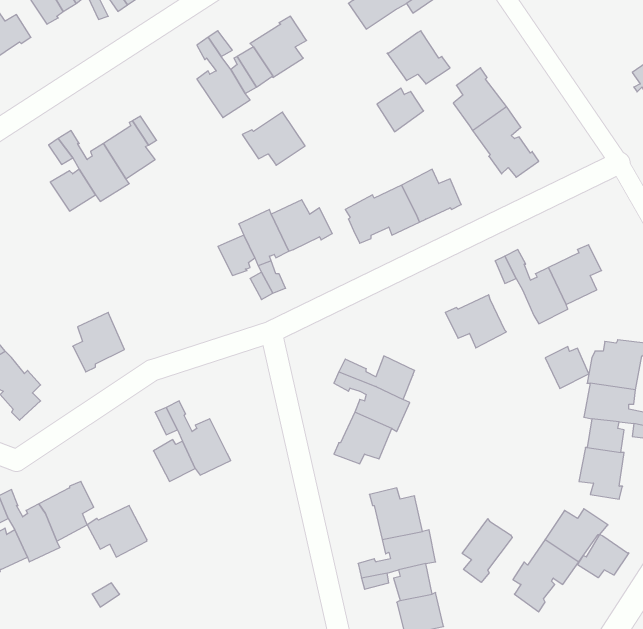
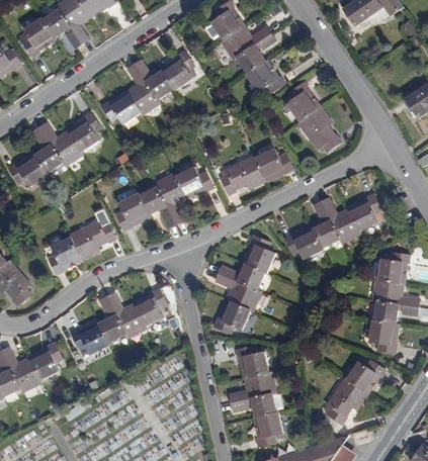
building: [377,88,424,132] -> [236,47,265,74]
building: [242,112,305,165] -> [101,90,141,123]
building: none -> [8,153,48,186]
building: none -> [117,194,150,231]
building: none -> [71,220,115,260]
building: none -> [241,235,273,273]
building: [545,347,589,388] -> [311,221,338,248]
building: none -> [135,289,168,326]
building: [87,506,147,557] -> [72,321,109,354]
building: [462,519,512,582] -> none
building: [577,535,629,578] -> none

